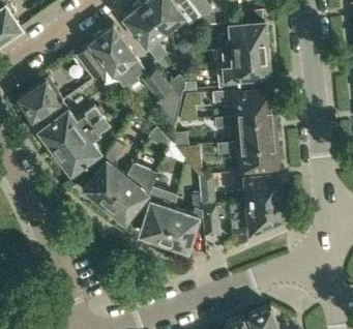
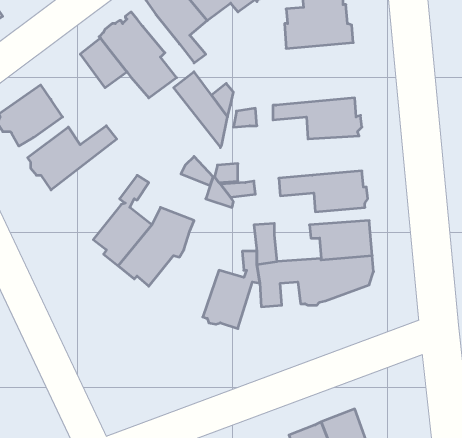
building: [216,48,270,88] -> none
building: [214,114,277,142] -> none
building: [55,116,109,173] -> none
building: [140,181,174,243] -> none

